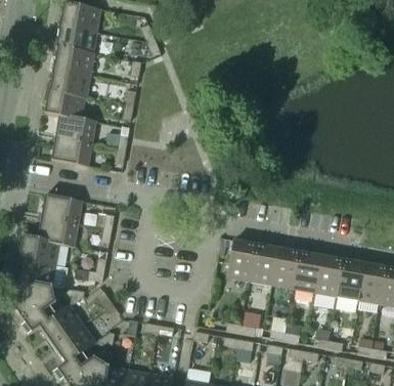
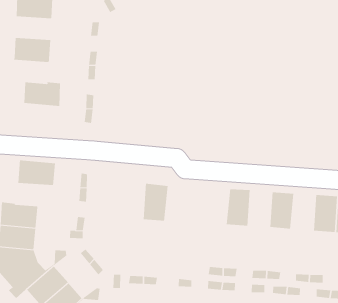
building: [53,47,94,75] -> none
building: [44,89,85,119] -> none
building: [51,136,92,166] -> none
building: [37,217,78,247] -> none
building: [226,240,256,281] -> [143,183,168,221]
building: [271,248,299,288] -> none
building: [314,256,343,296] -> none

